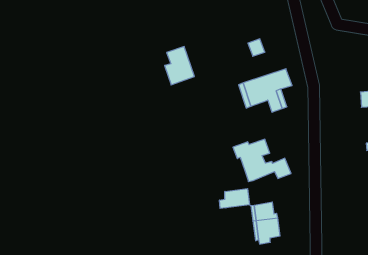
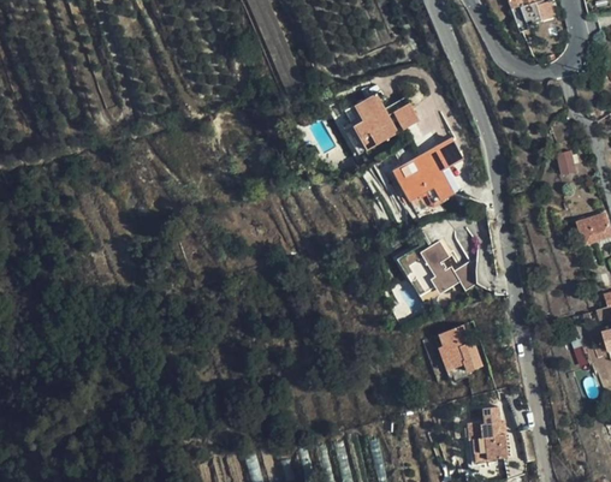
building: [165,47,194,85] -> [355,94,398,149]
building: [220,189,250,208] -> none

